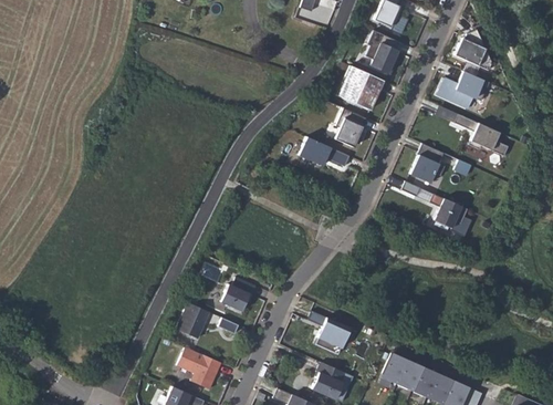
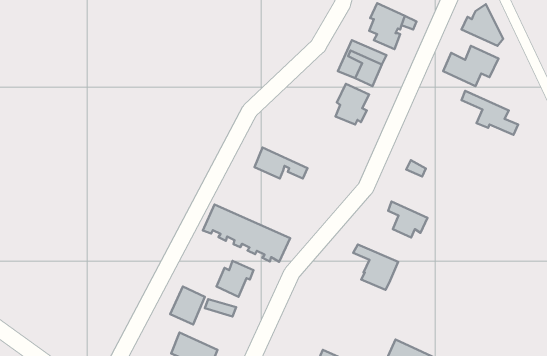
building: [299,136,349,166] -> [254,147,308,179]
building: [409,143,445,183] -> none
building: [430,194,468,228] -> [388,201,427,237]
building: none -> [203,205,290,262]
building: [307,311,351,354] -> [353,245,398,290]

